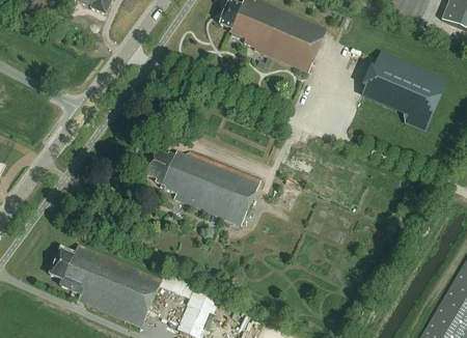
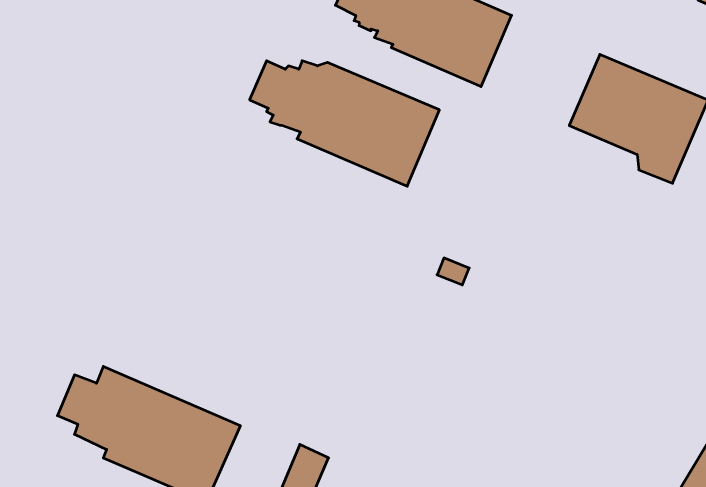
building: [144,148,260,225] -> [250,61,439,186]

